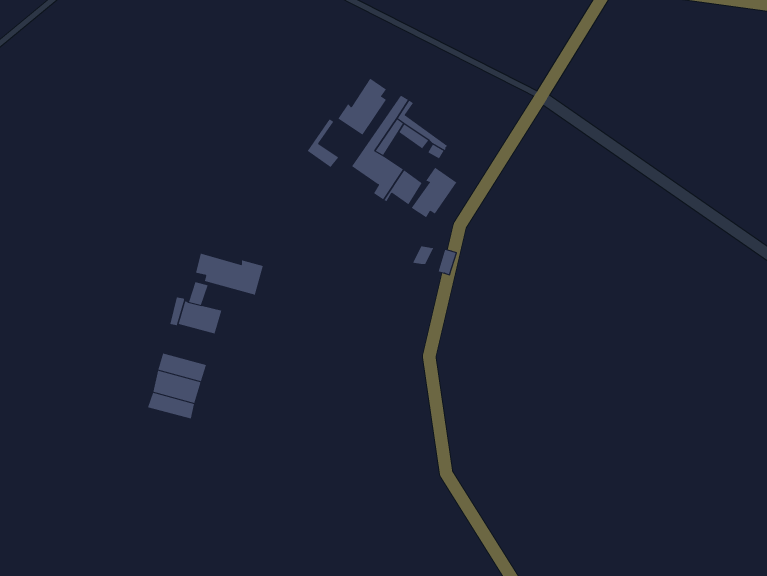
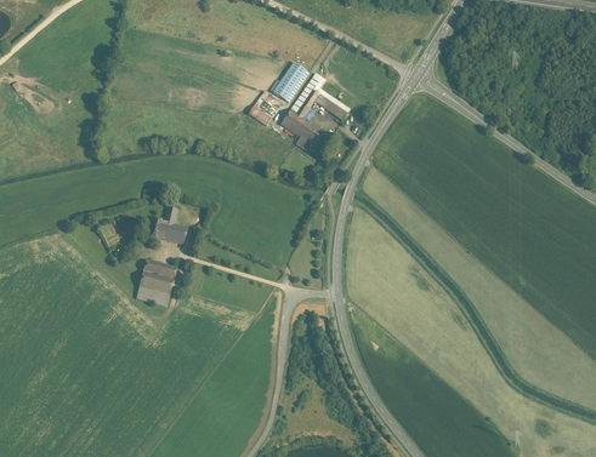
building: [411,167,457,218] -> none
building: [196,253,263,296] -> none

